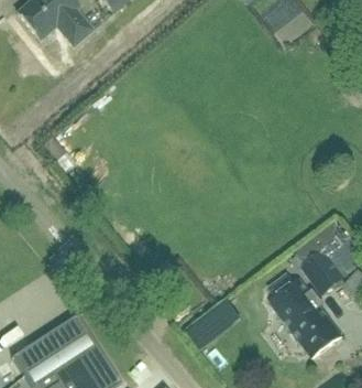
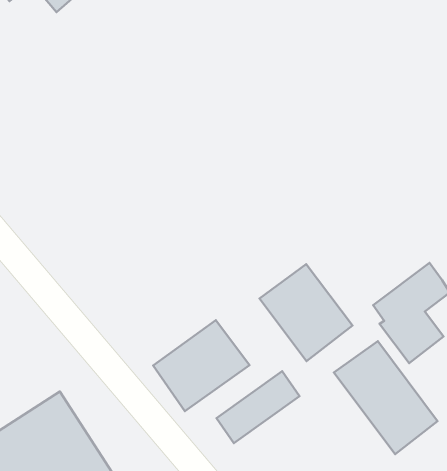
building: none -> [259,264,352,361]
building: none -> [153,320,249,411]

